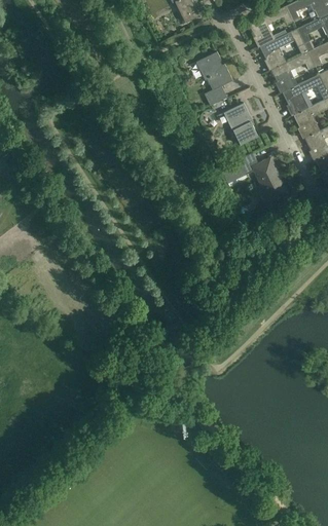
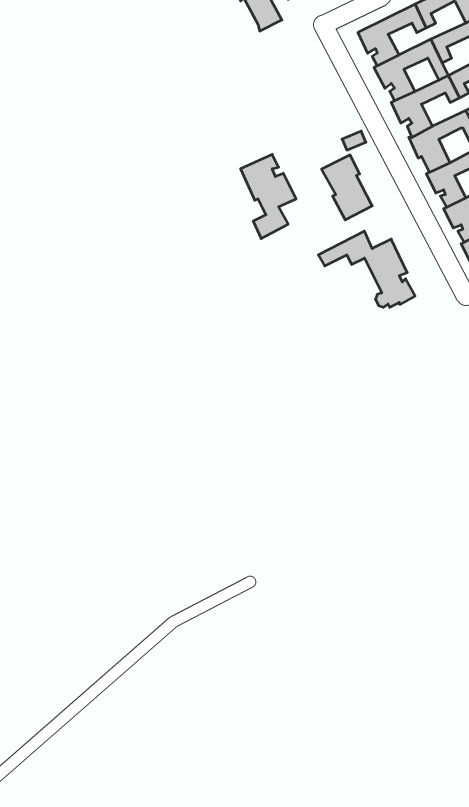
building: [196,51,232,106] -> [241,154,296,239]

